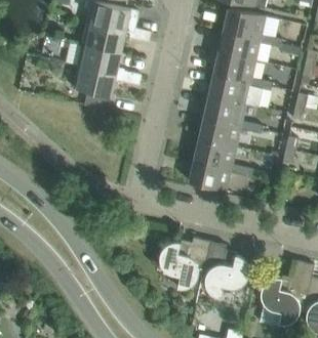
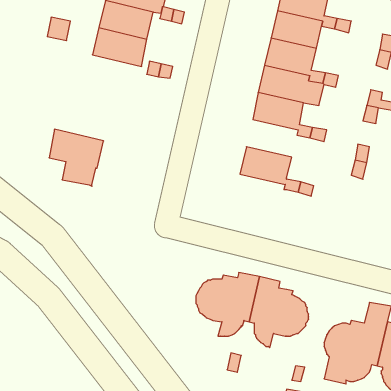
building: [73,66,116,111] -> [49,129,104,186]
building: [199,117,240,146] -> none
building: [189,160,230,191] -> none

